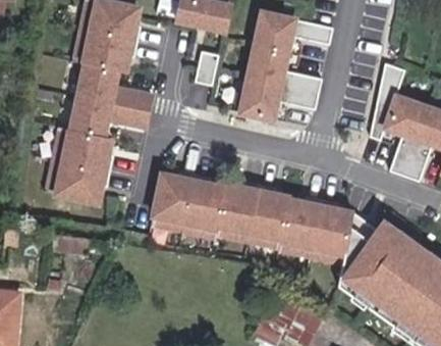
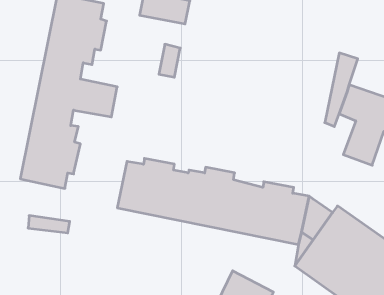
building: [239,13,333,120] -> none

